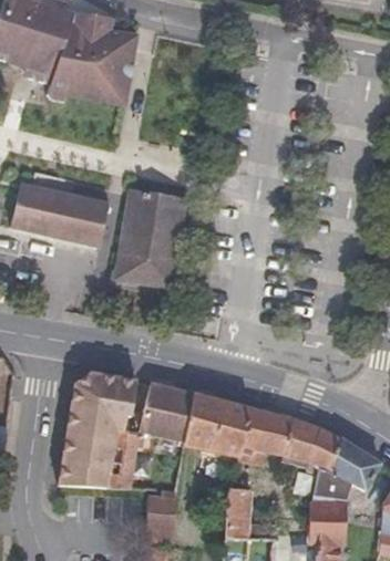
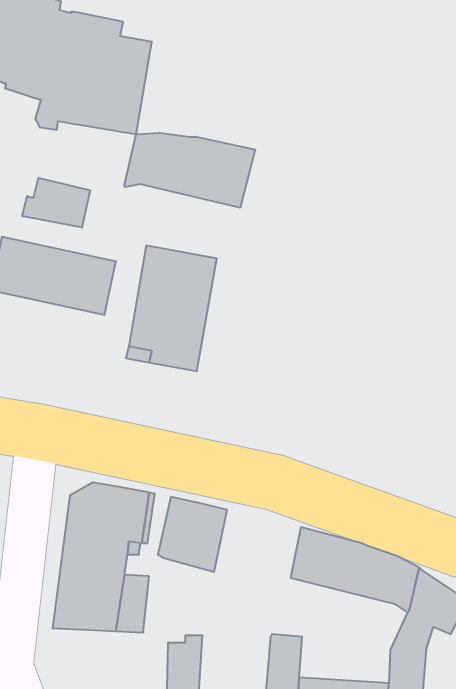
building: none -> [124,133,255,208]
building: none -> [22,178,90,228]
building: [183,394,250,457] -> none

